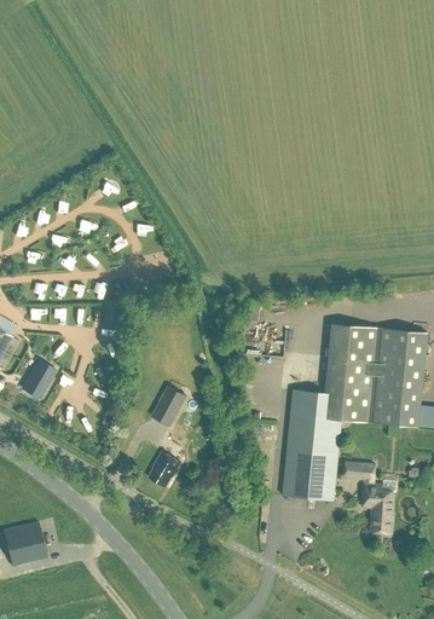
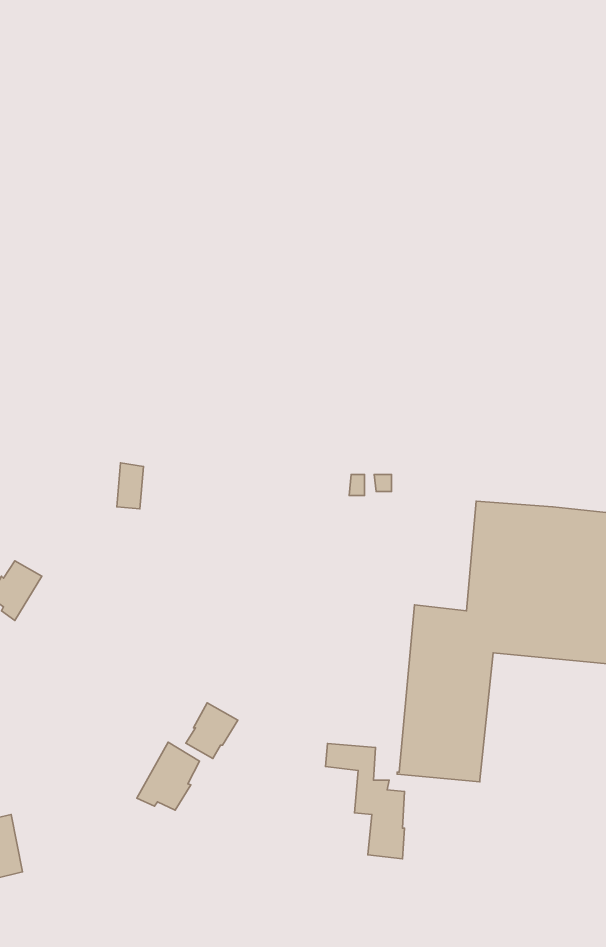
building: [152,387,186,426] -> none
building: [342,462,392,534] -> [326,744,404,859]
building: none -> [137,742,200,810]

